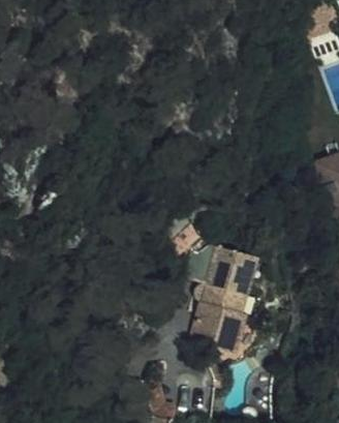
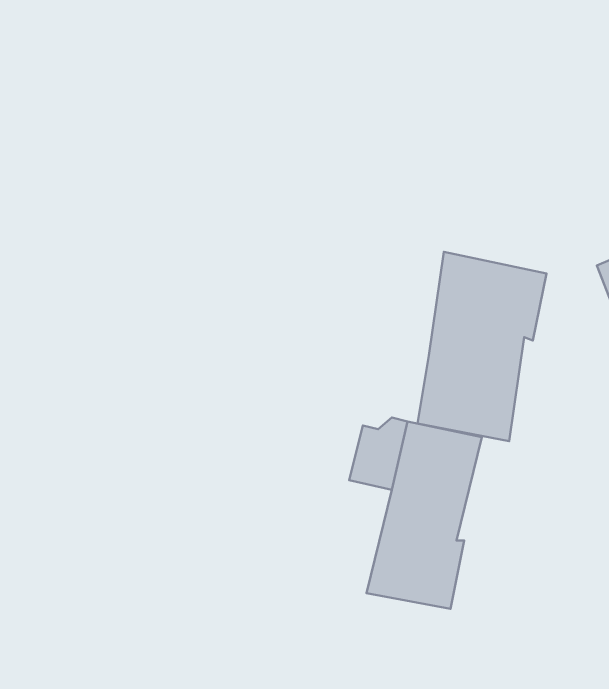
building: none -> [417,252,546,441]

